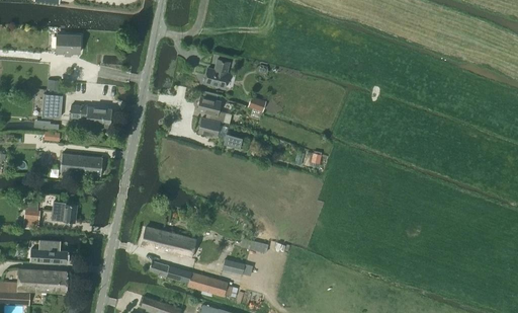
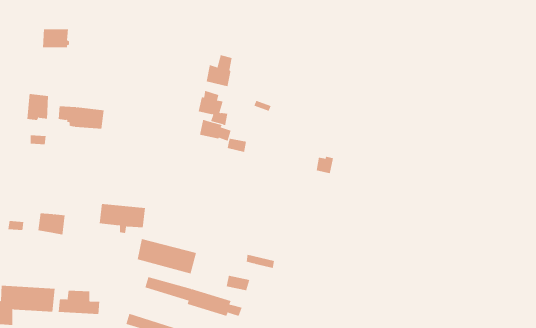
building: [61,153,103,180] -> [99,203,146,234]
building: [31,241,70,263] -> [58,290,100,315]

